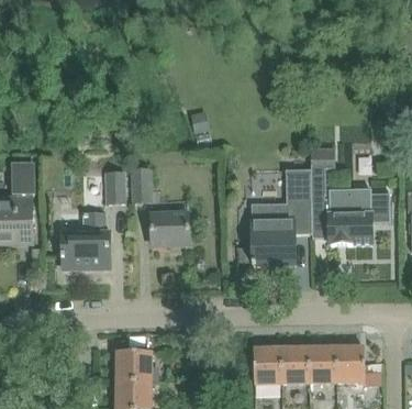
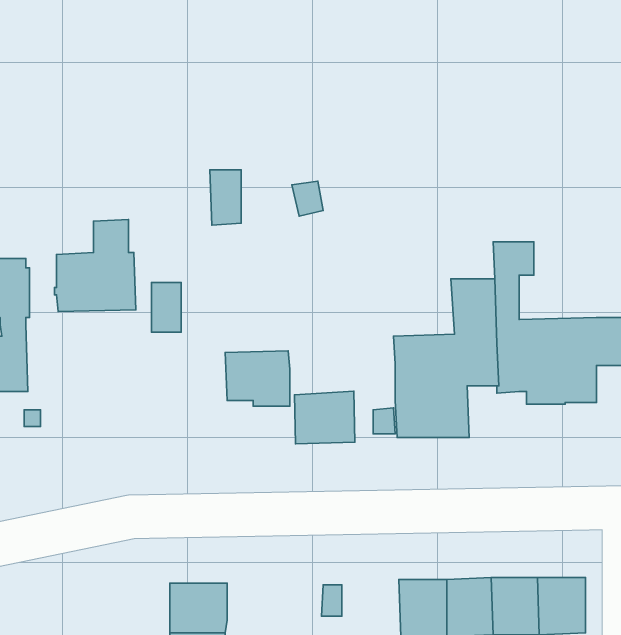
building: [132,169,151,202] -> [210,170,241,225]
building: [62,214,110,269] -> [55,219,136,312]
building: none -> [294,391,355,444]

